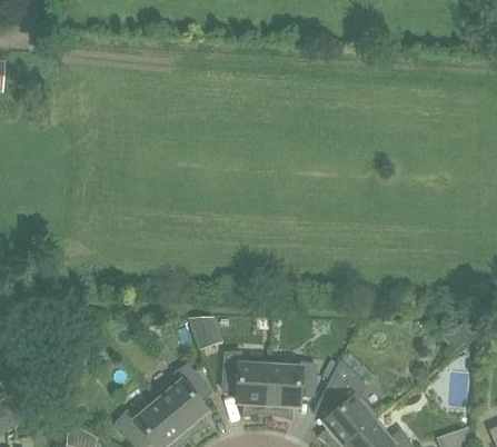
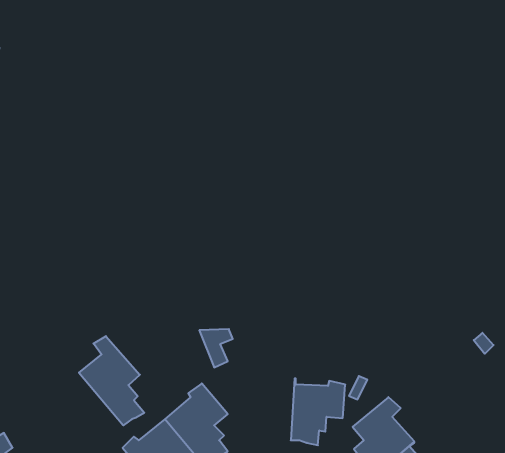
building: none -> [79,336,144,425]
building: [222,351,270,416] -> none

